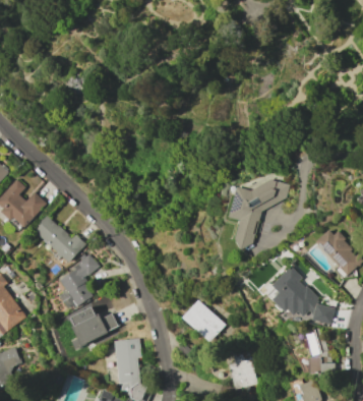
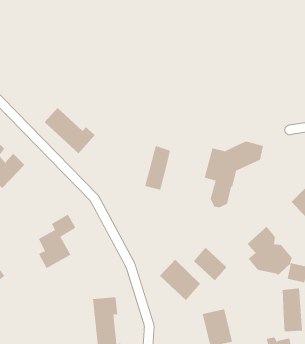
building: none -> [145,145,170,191]
building: [33,215,85,263] -> [44,107,96,154]
building: none -> [193,247,227,281]
building: [69,306,118,347] -> none

